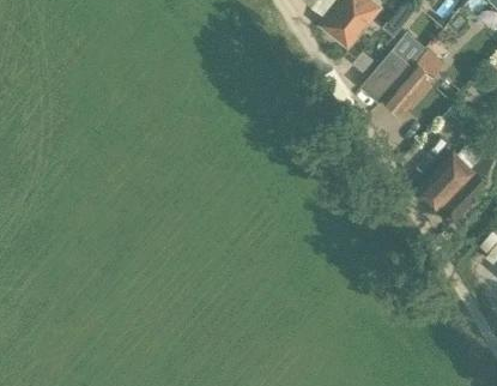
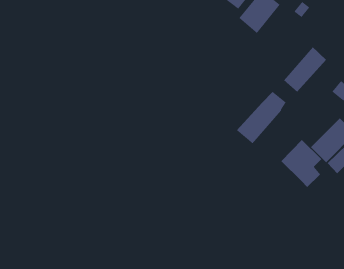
building: [359,36,424,104] -> [236,91,286,144]
building: none -> [281,139,322,188]

